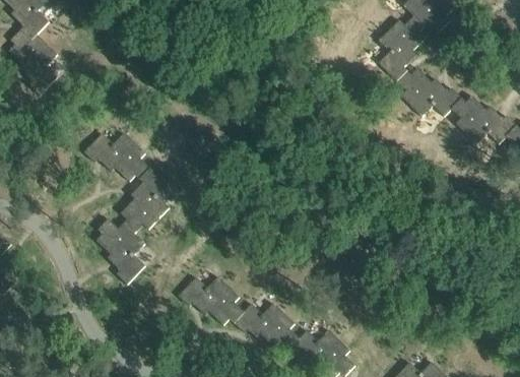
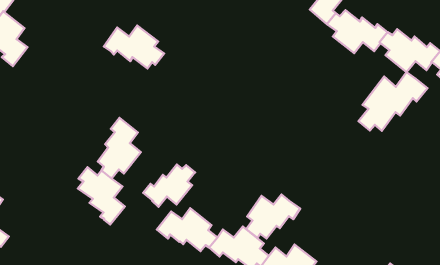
building: [84,130,150,179] -> [104,25,164,68]
building: none -> [358,72,427,131]
building: none -> [143,165,195,207]
building: none -> [246,195,300,239]

